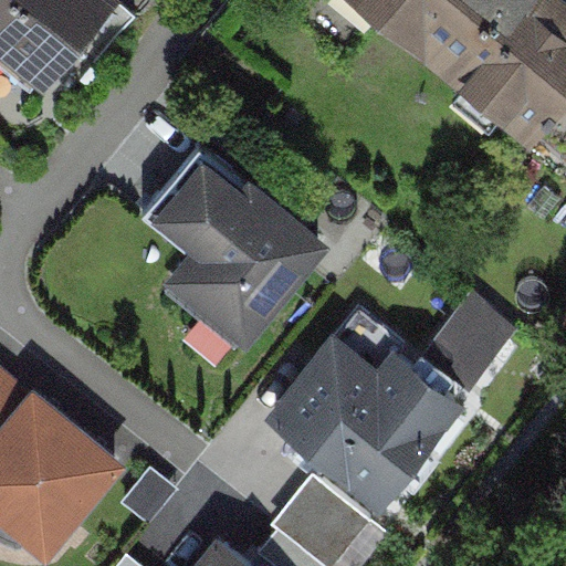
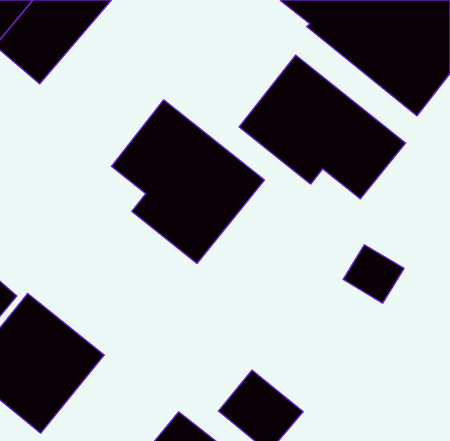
building: none -> [239,55,406,199]
building: [266,305,472,507] -> none

